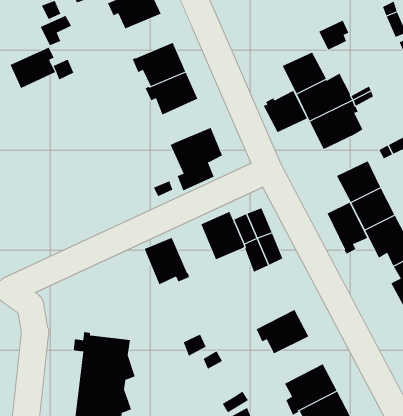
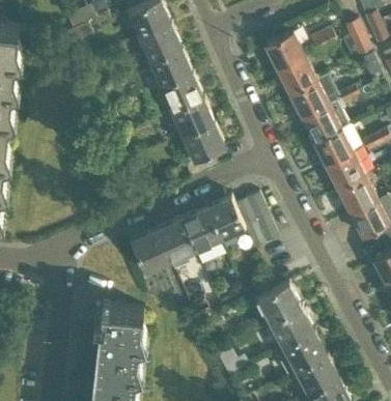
building: none -> [341,20,370,59]
building: none -> [135,23,181,61]
building: [10,47,56,89] -> none
building: [263,90,308,133] -> [264,31,304,68]
building: none -> [167,97,215,136]
building: none -> [313,128,353,165]
building: [327,202,368,254] -> none
building: none -> [180,207,222,259]
building: none -> [131,229,172,271]
building: none -> [267,306,313,345]

